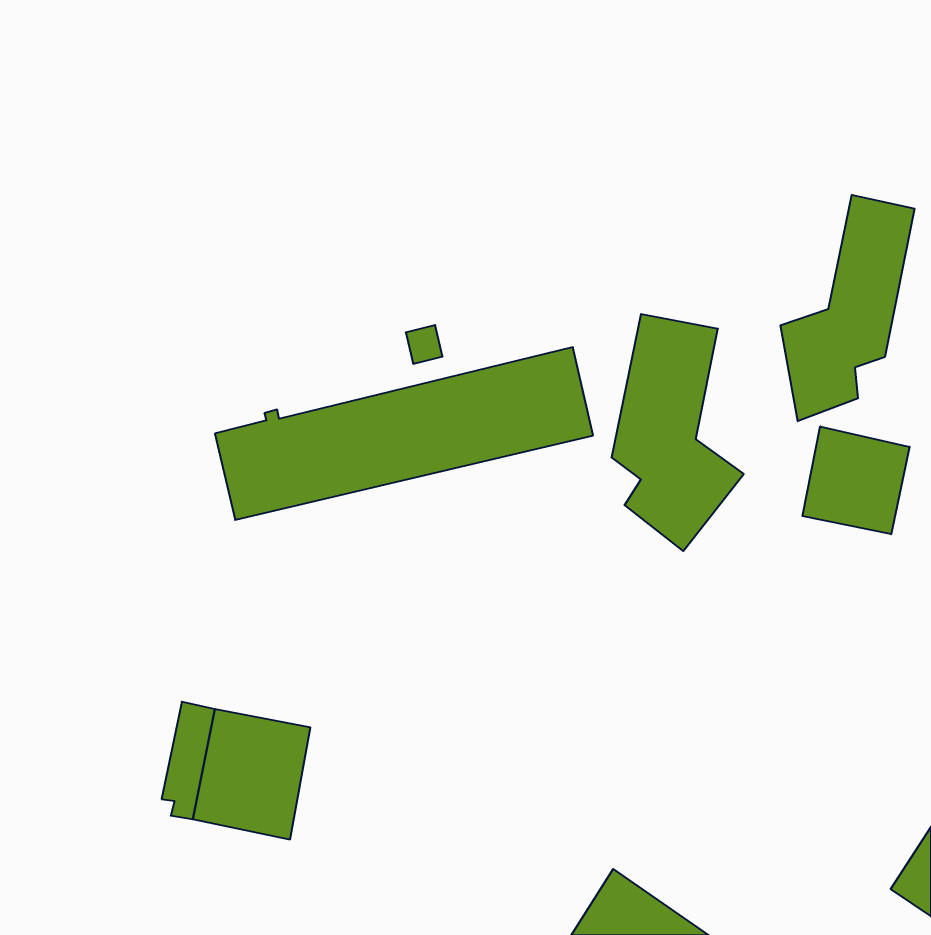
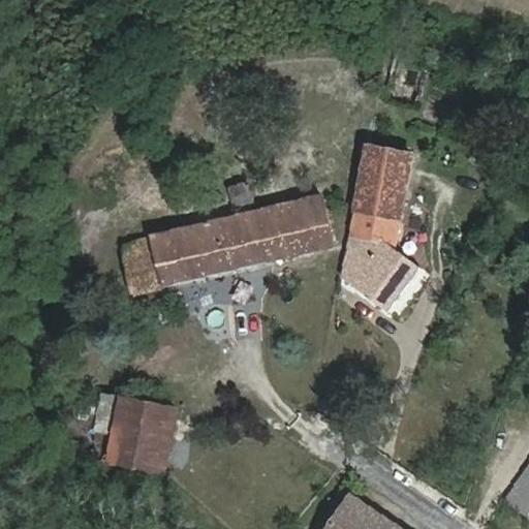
building: [780,195,914,421] -> none
building: none -> [361,146,410,185]
building: [802,426,910,534] -> none

